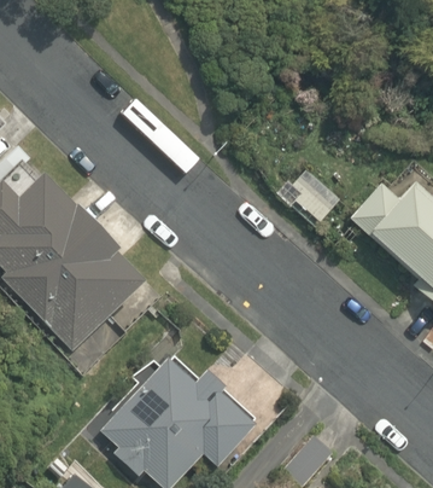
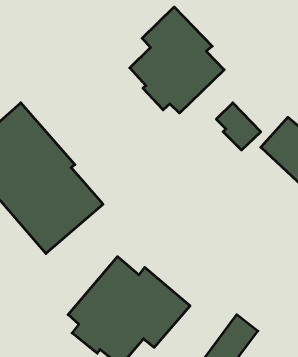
building: none -> [130,7,224,113]

